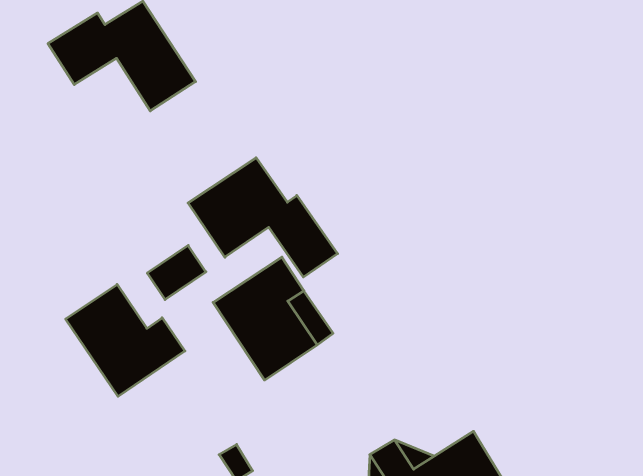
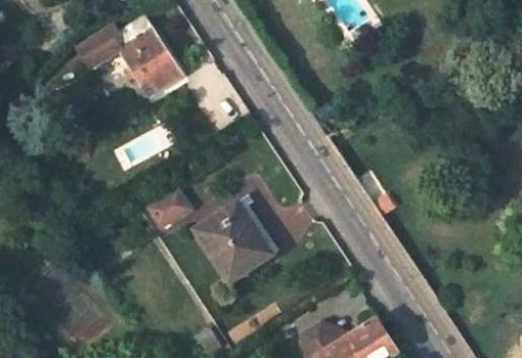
building: [188,158,338,277] -> none
building: [66,284,185,396] -> none

